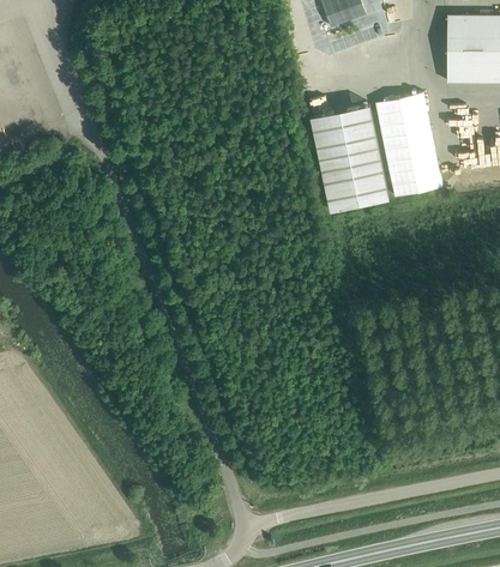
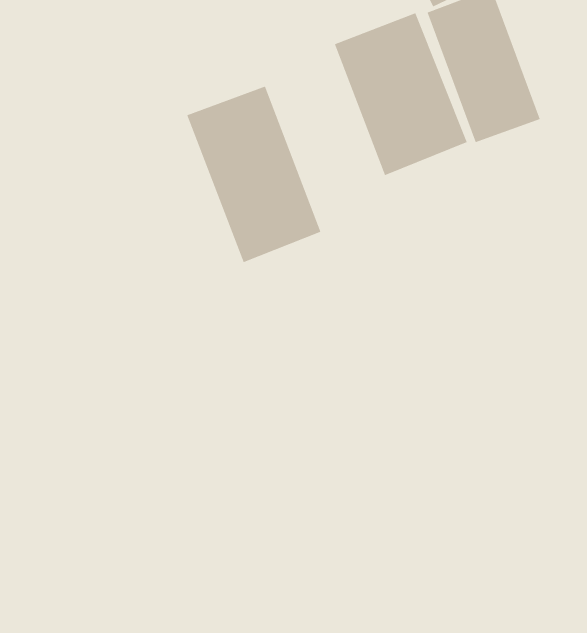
building: none -> [186,85,321,263]

